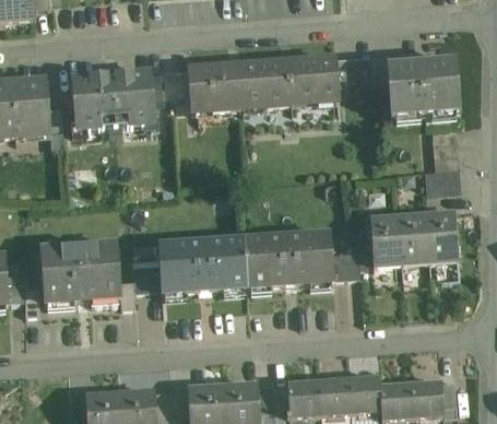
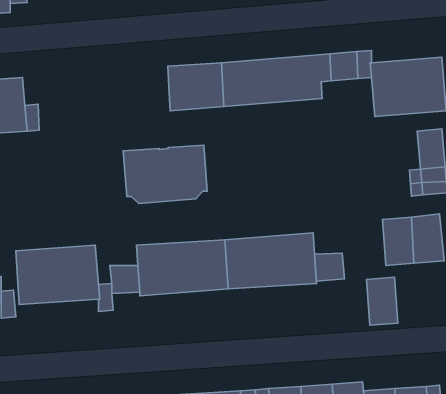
building: [163,68,189,96] -> none
building: [72,71,154,128] -> [123,145,207,203]
building: [370,217,401,264] -> [366,277,398,325]

